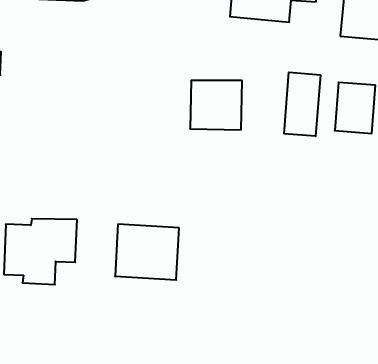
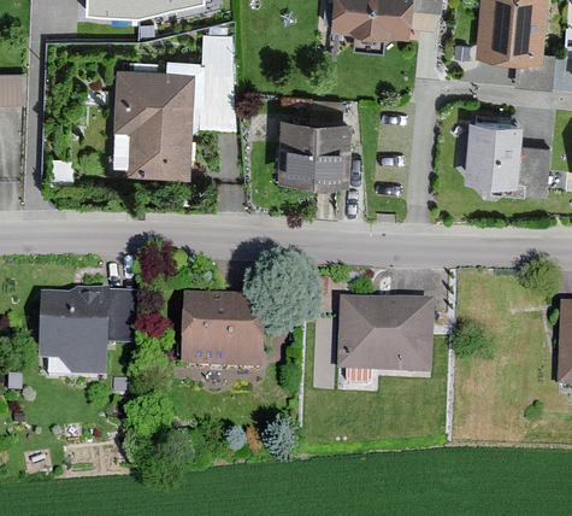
building: none -> [112,72,195,178]
building: [284,72,320,136] -> none
building: none -> [340,305,431,374]

